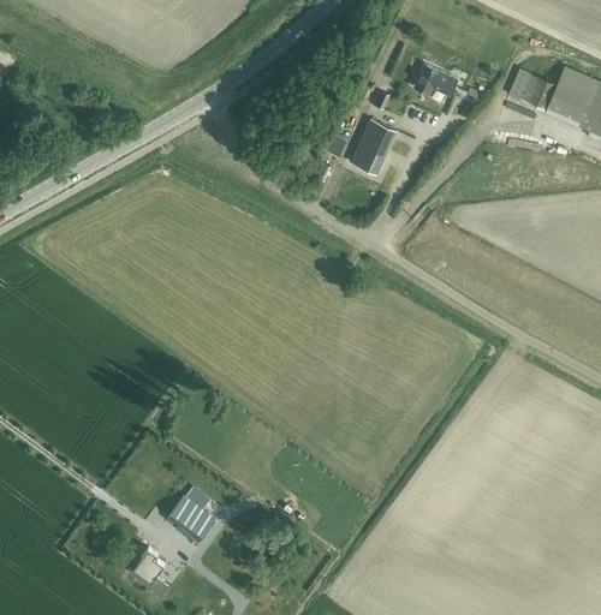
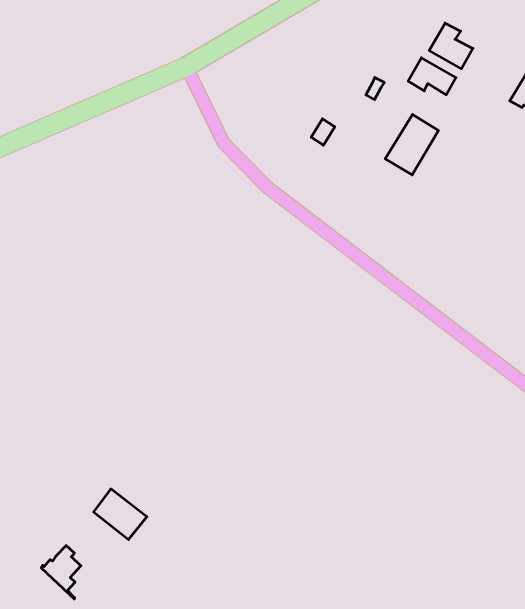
building: none -> [429,23,473,69]
building: [350,120,395,175] -> [385,114,438,175]

